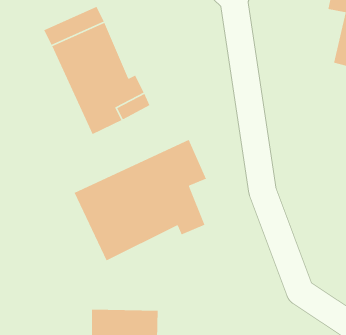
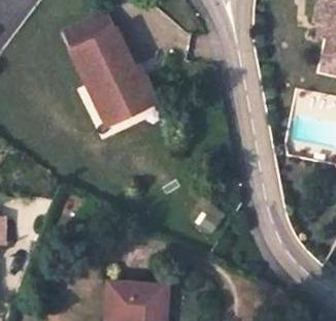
building: [73,139,207,261] -> none

